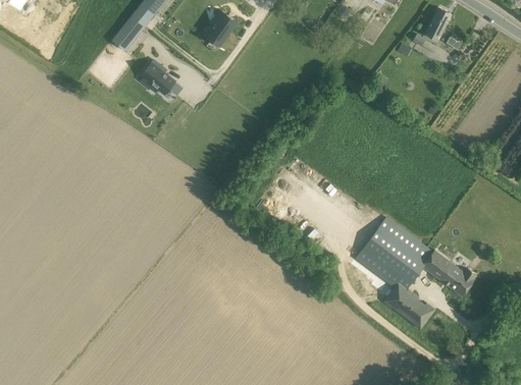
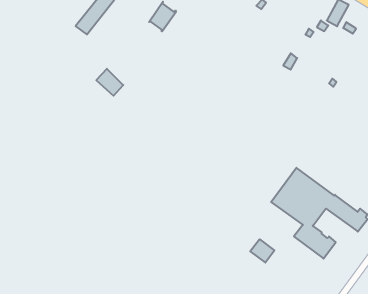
building: [143,61,176,95] -> [96,69,123,96]
building: none -> [250,239,274,263]

